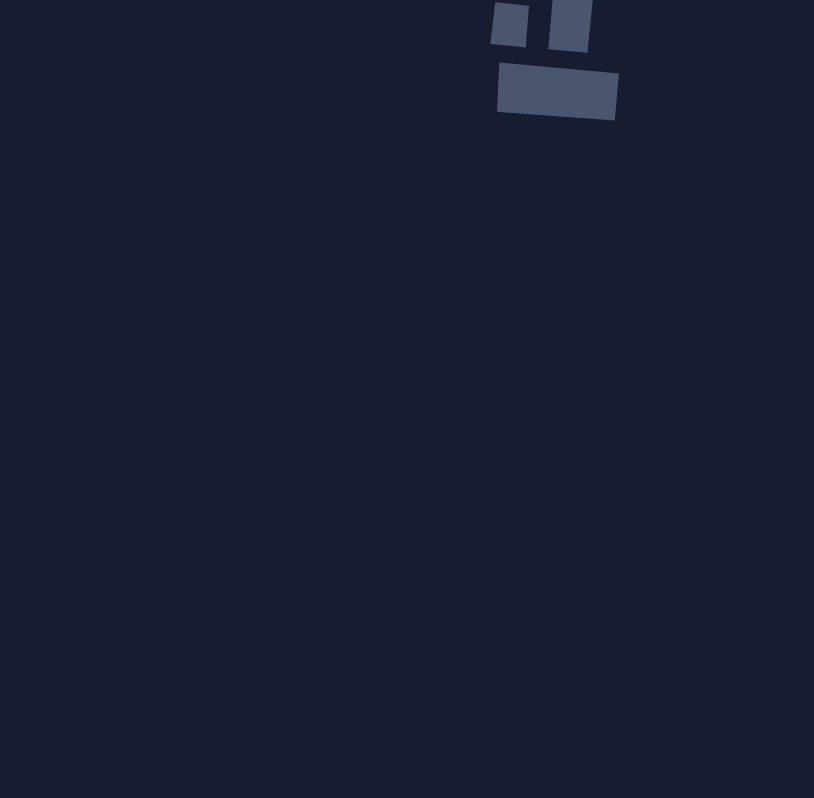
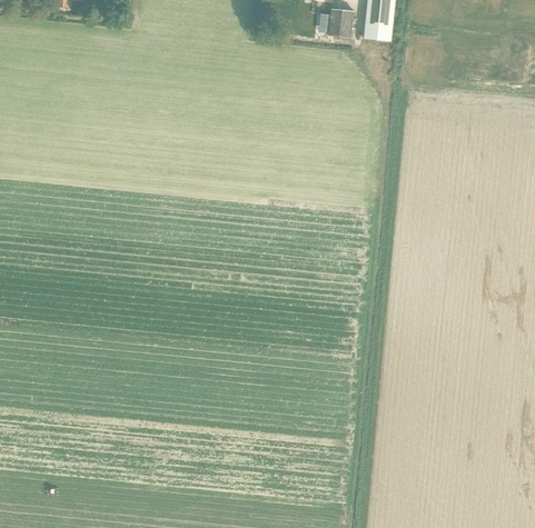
building: [496,62,619,121] -> none

